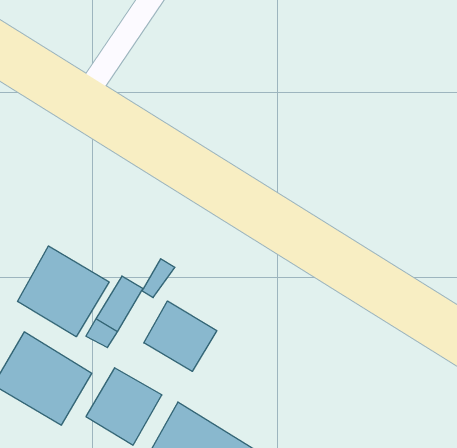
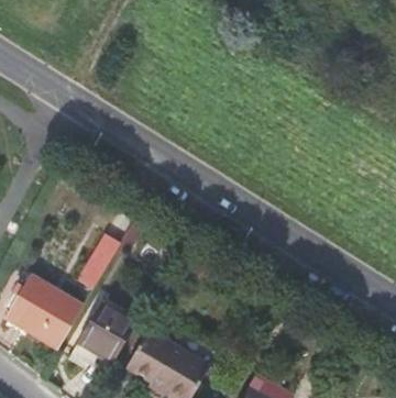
building: [18,246,109,337] -> none
building: [144,301,217,371] -> none

